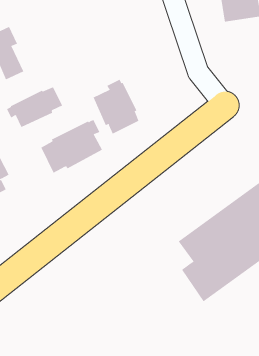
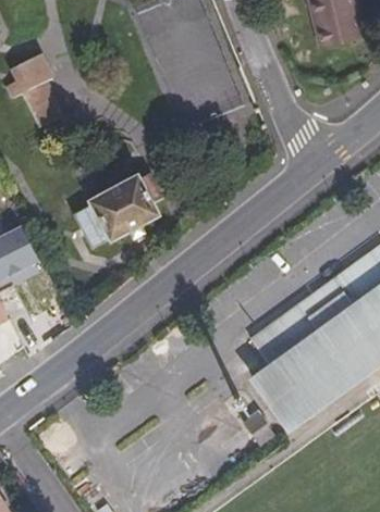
building: [93,79,139,134] -> none
building: [6,86,63,128] -> none

